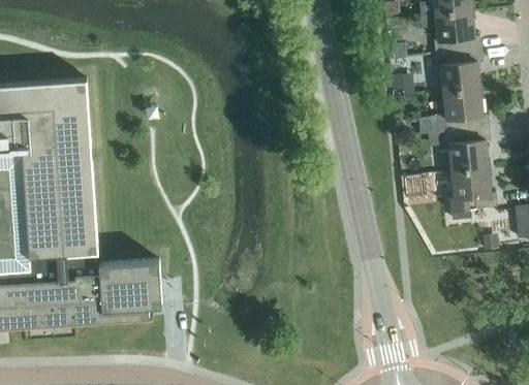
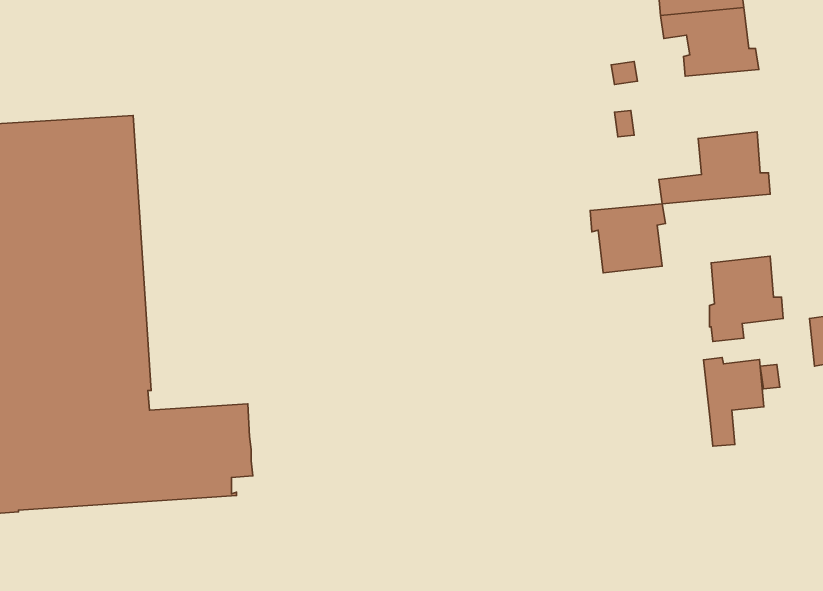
building: [434,50,481,93] -> none
building: [442,128,490,171] -> [590,204,665,273]
building: none -> [703,357,764,446]

